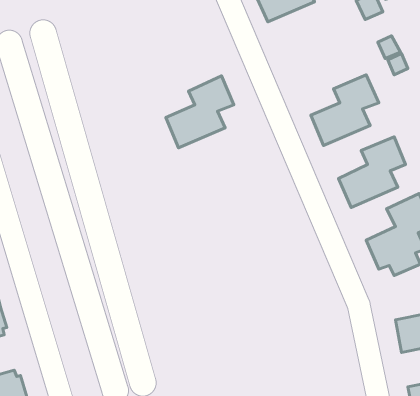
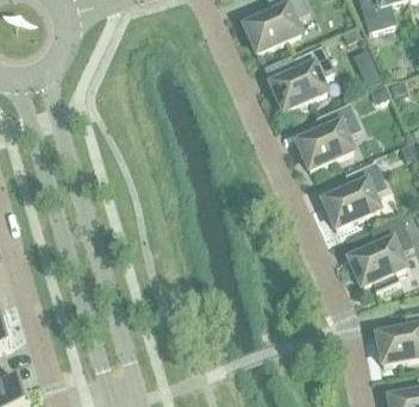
building: [166,76,234,148] -> [271,43,336,111]

